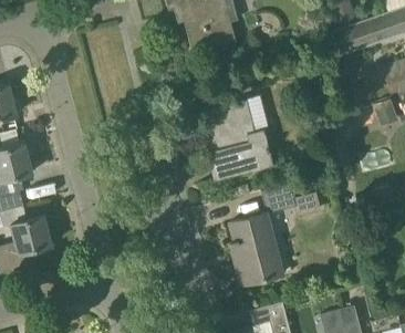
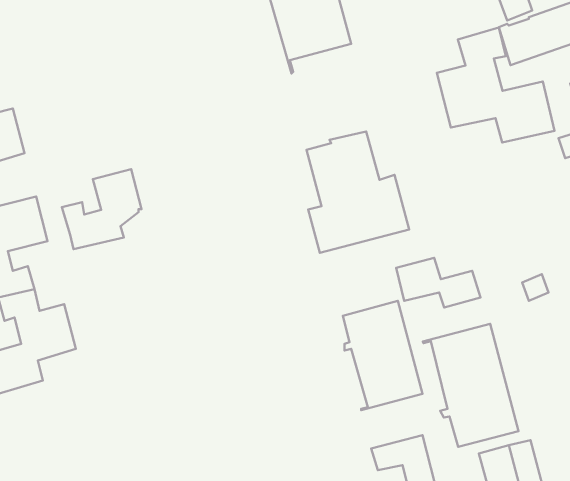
building: none -> [437,28,554,142]
building: none -> [62,169,142,249]
building: none -> [423,324,518,447]

